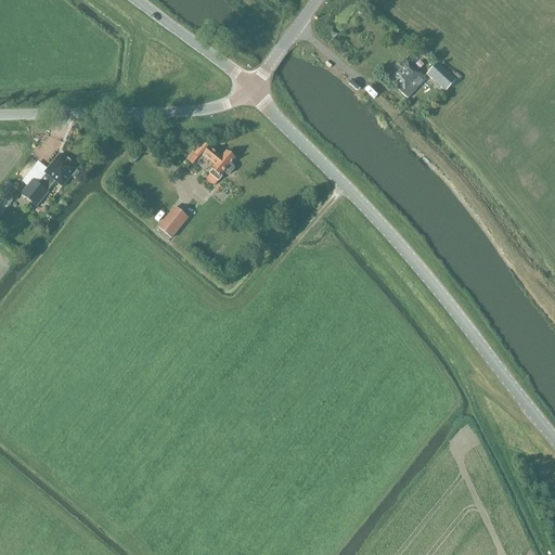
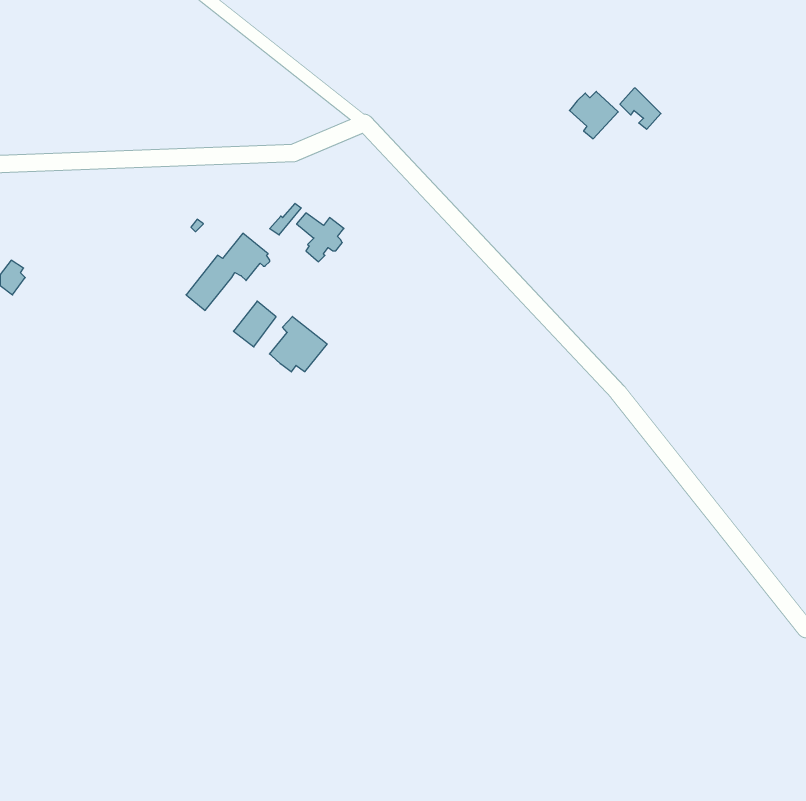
building: [21,152,78,205] -> [186,233,270,310]
building: none -> [269,316,327,372]

